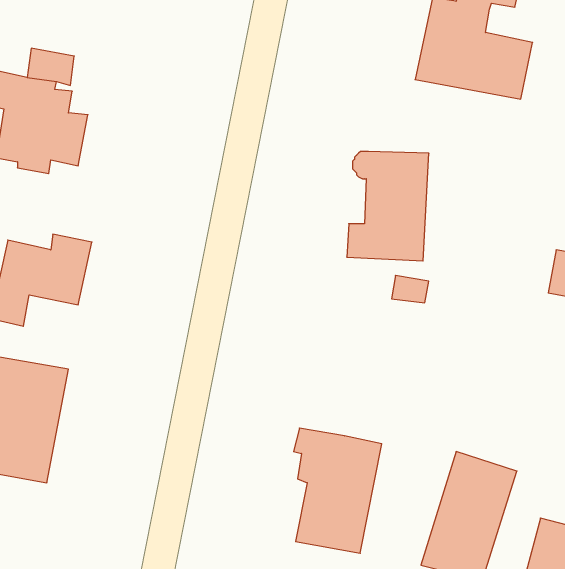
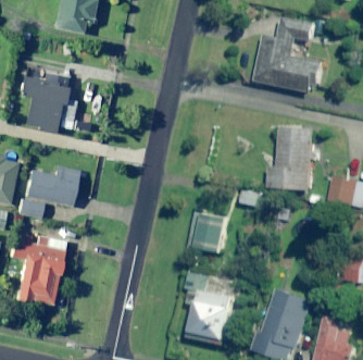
building: [347,151,429,261] -> [272,128,317,189]
building: none -> [191,212,230,252]

